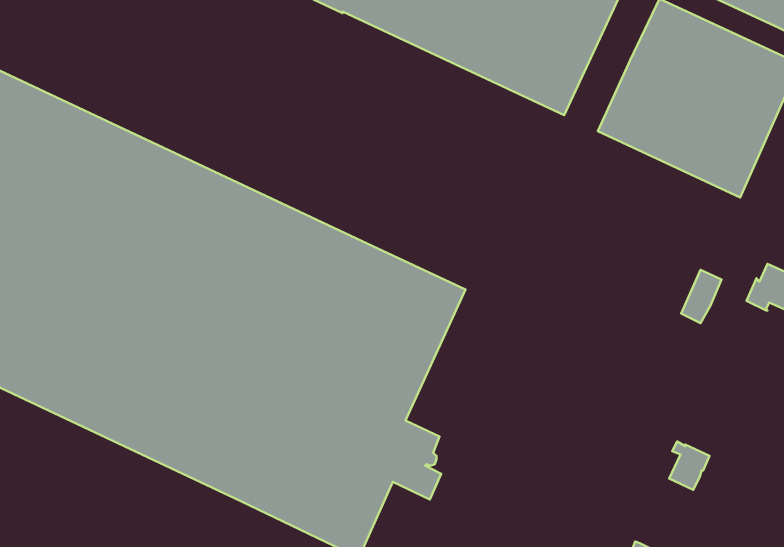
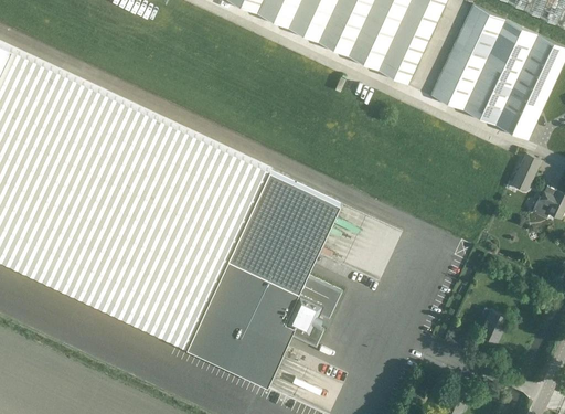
building: [681,270,722,323] -> [511,153,539,190]

